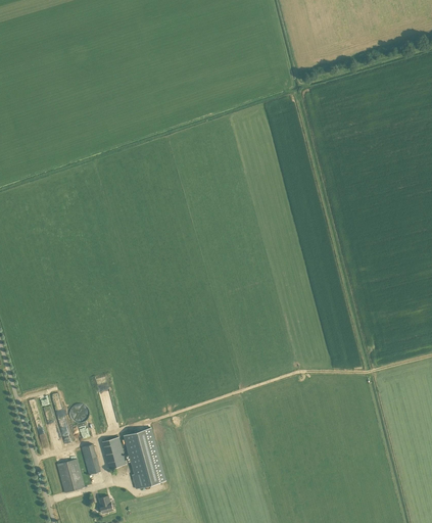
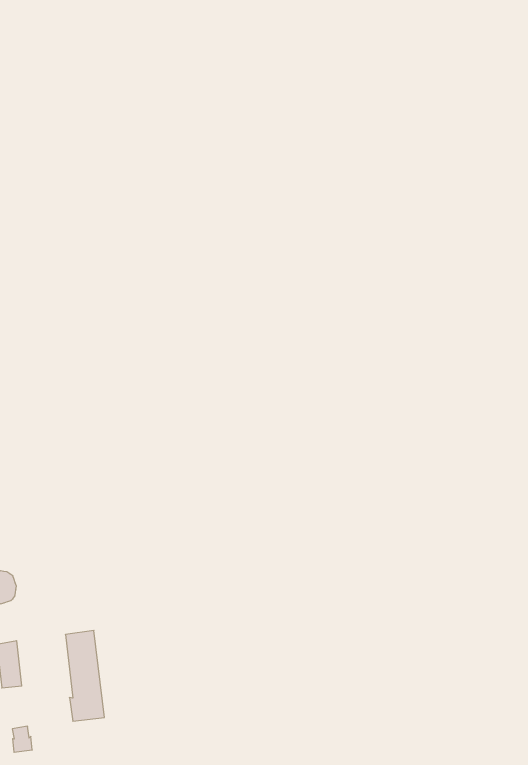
building: [103,436,127,468] -> none

